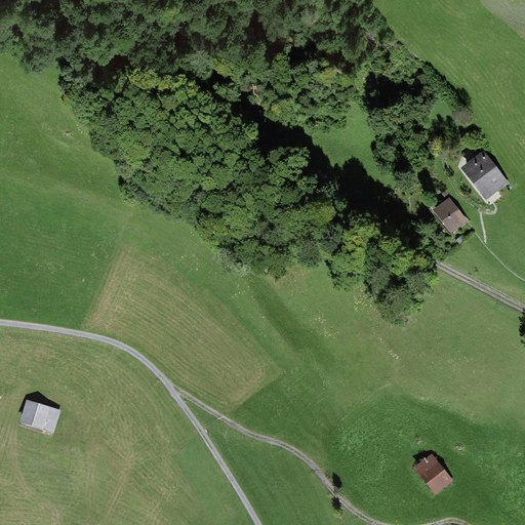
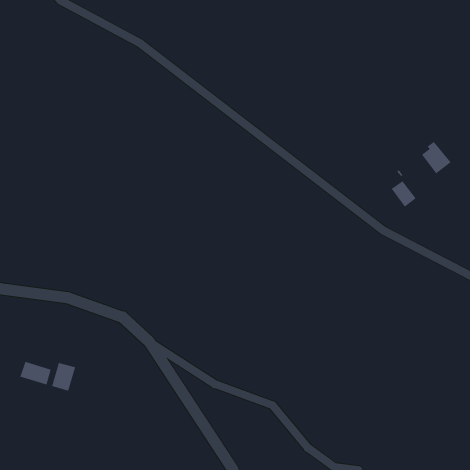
building: none -> [52,362,76,391]
building: [416,454,448,490] -> none

